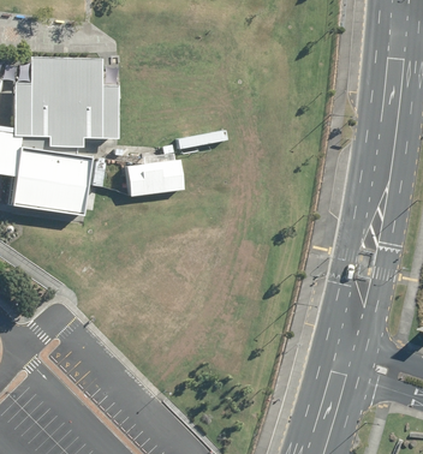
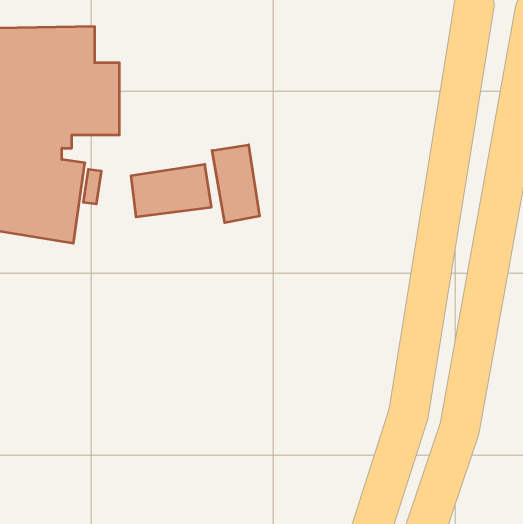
building: none -> [212,145,260,223]

